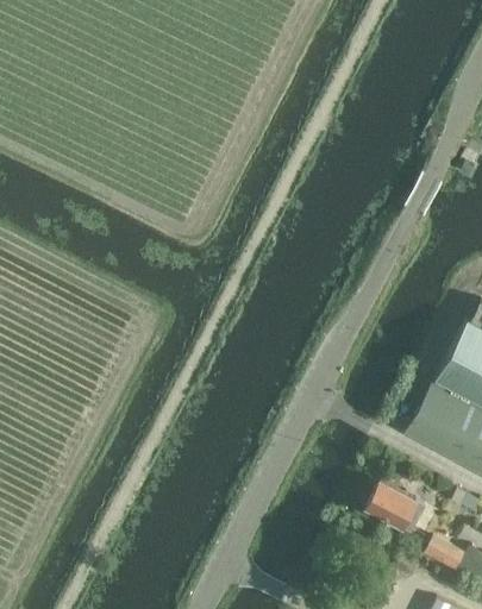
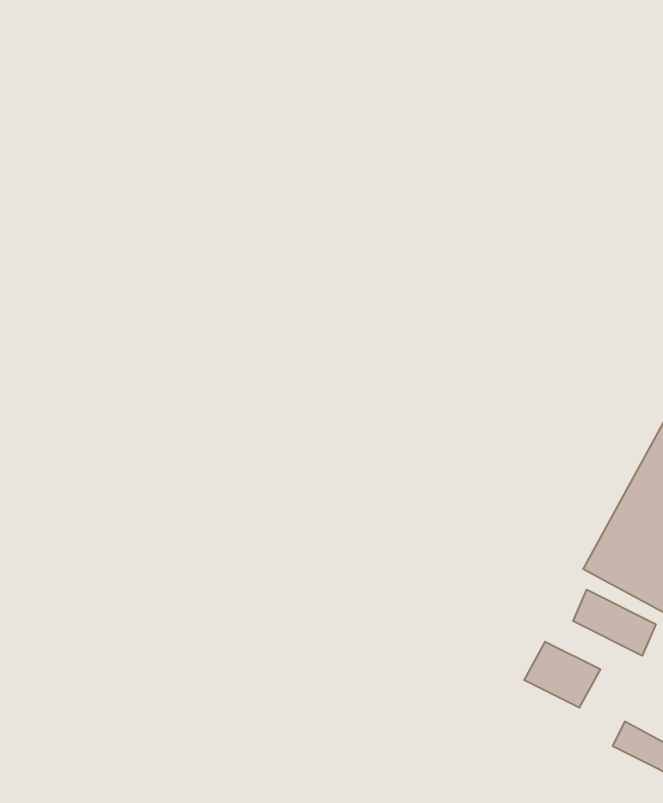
building: none -> [573,590,656,656]

